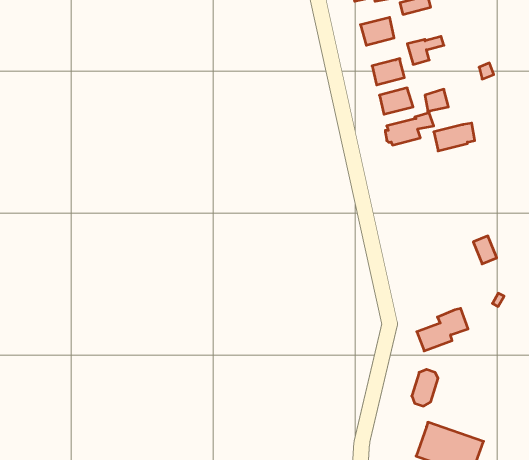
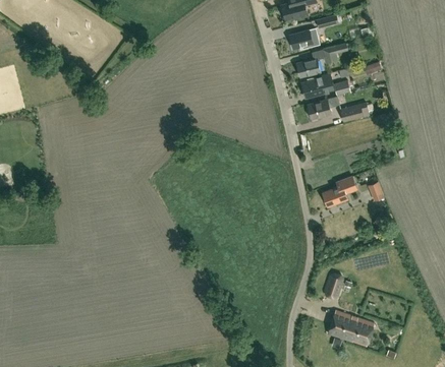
building: [417,308,468,351] -> [323,176,358,205]

